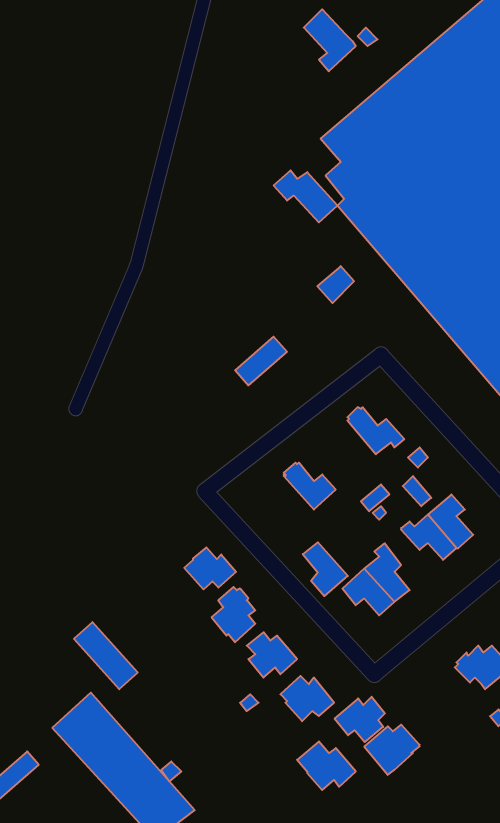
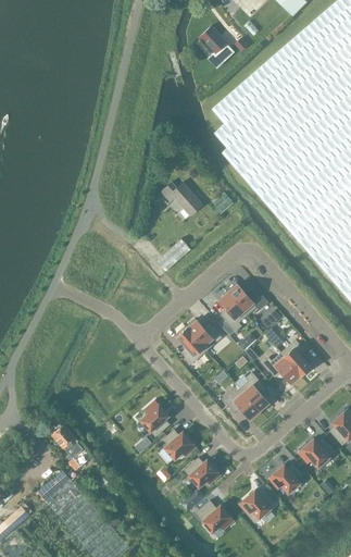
building: [274,170,337,222] -> [161,182,202,215]
building: none -> [218,293,247,331]
building: [303,542,348,596] -> [177,329,206,363]
building: [184,547,236,589] -> none
building: [335,697,385,742] -> [268,463,301,493]

